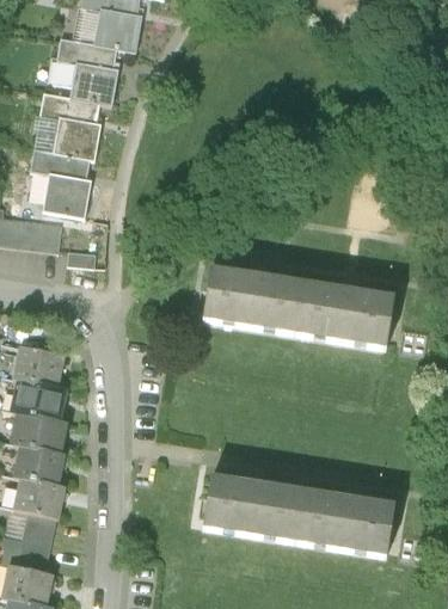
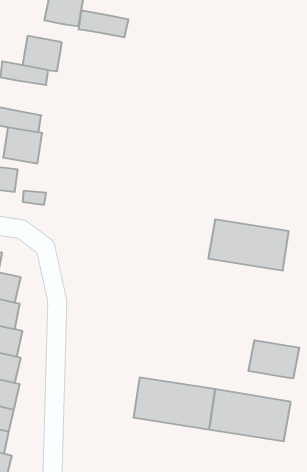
building: [56,35,117,67] -> [78,11,128,37]
building: [51,113,100,158] -> none
building: [203,267,301,331] -> none
building: none -> [248,340,299,378]

